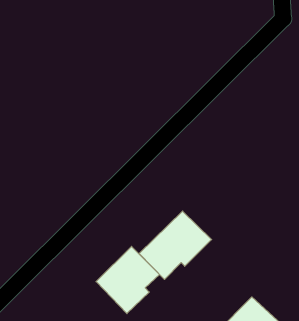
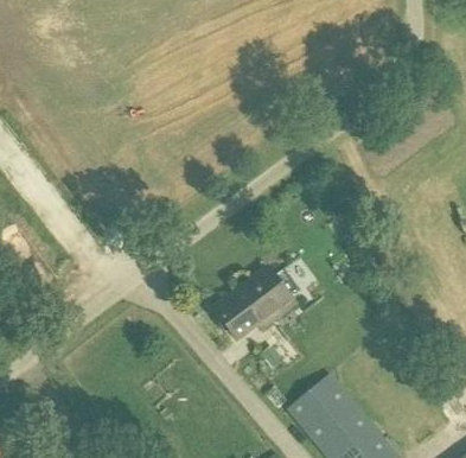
building: [96,246,159,314] -> none

